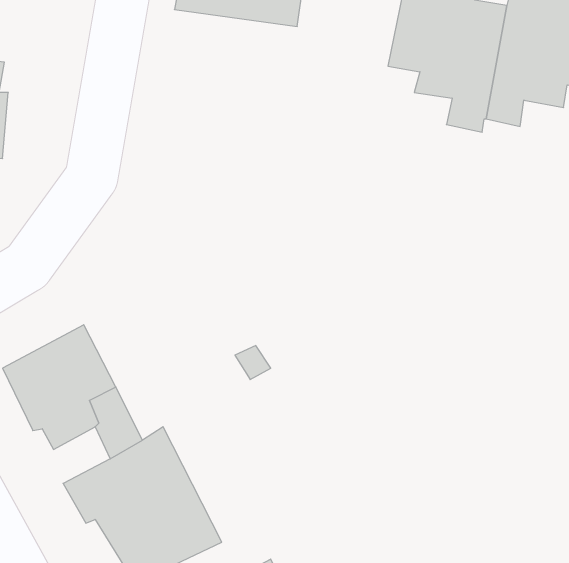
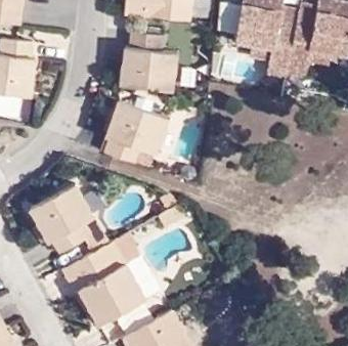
building: none -> [121,32,177,93]
building: none -> [104,98,165,161]

